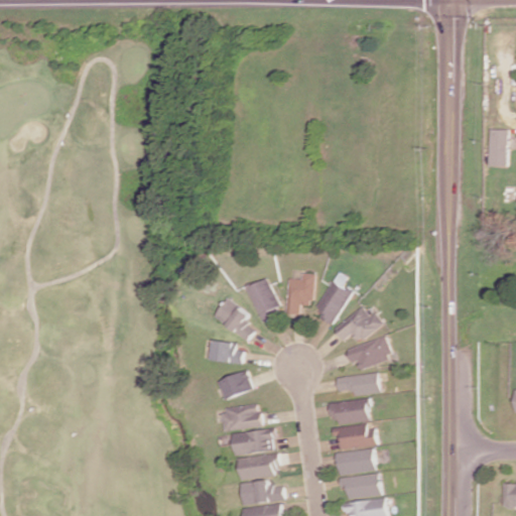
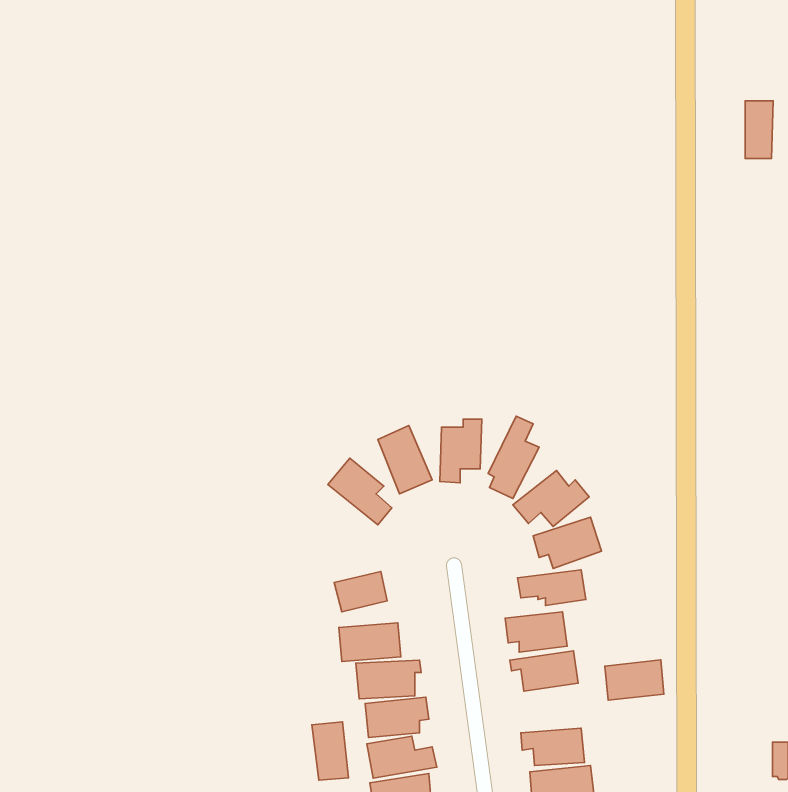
building: [489,129,507,166] -> [745,101,773,158]
building: [210,341,242,363] -> none
building: [336,448,374,475] -> [605,660,664,700]
building: none -> [312,722,348,780]

